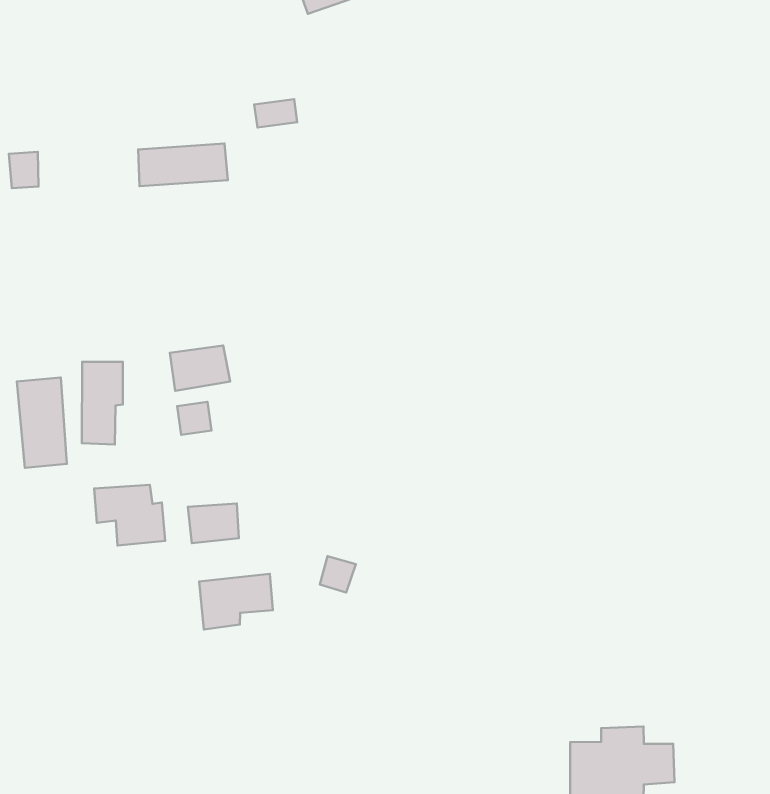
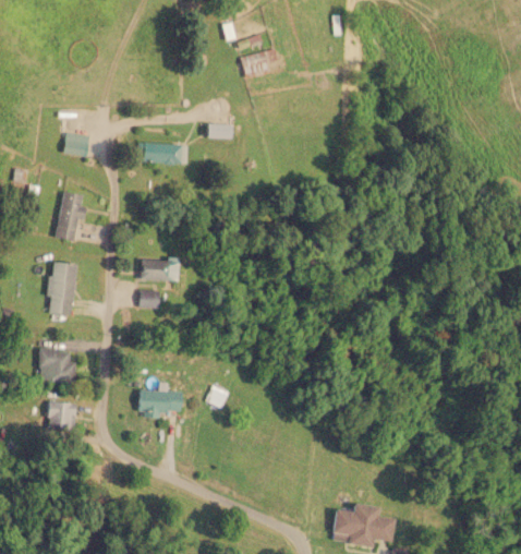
building: [82,362,123,445] -> [57,192,86,241]
building: [94,485,165,545] -> [38,347,76,382]
building: [188,503,239,543] -> none
building: none -> [48,400,75,430]

